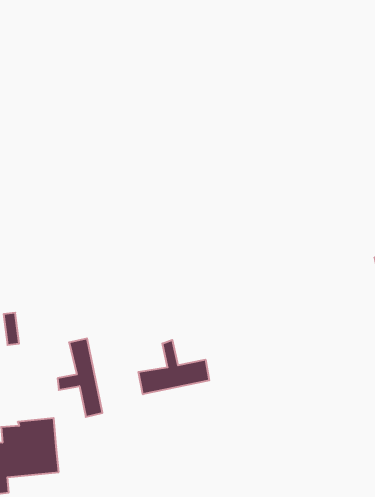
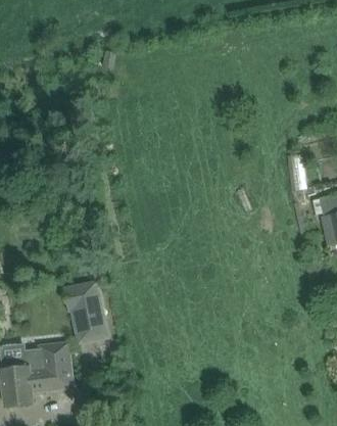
building: [138,340,209,394] -> none

